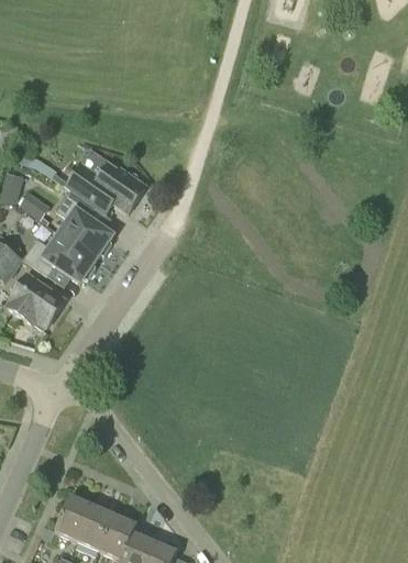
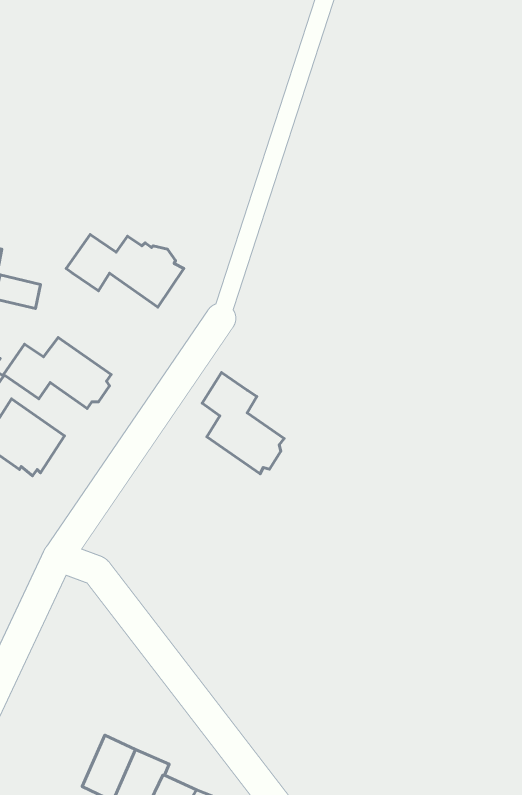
building: [57,189,113,258] -> [202,372,284,474]
building: [54,496,92,540] -> none

